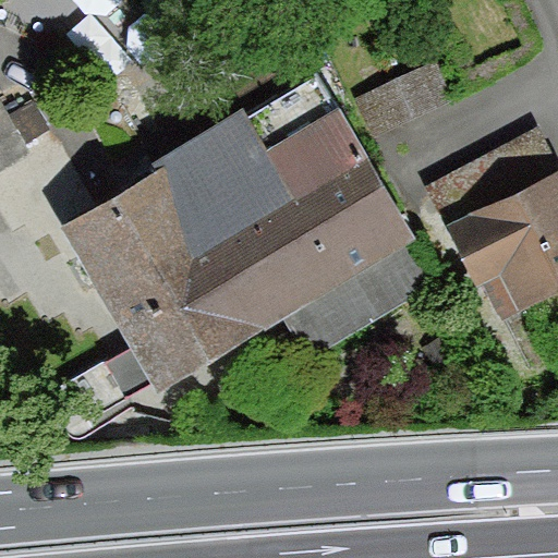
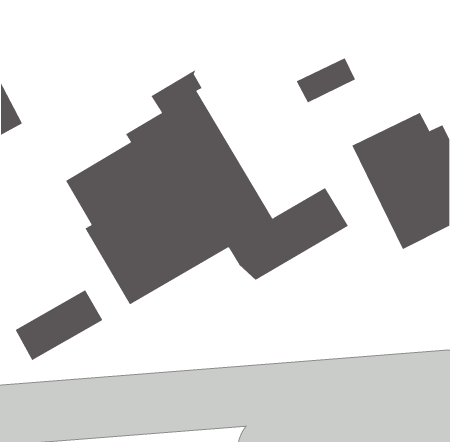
building: [244,82,409,280] -> none

